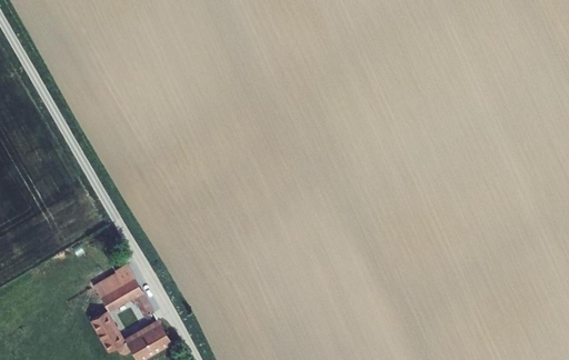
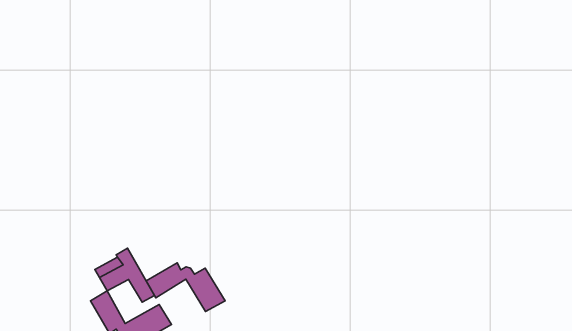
building: none -> [146,263,225,312]

